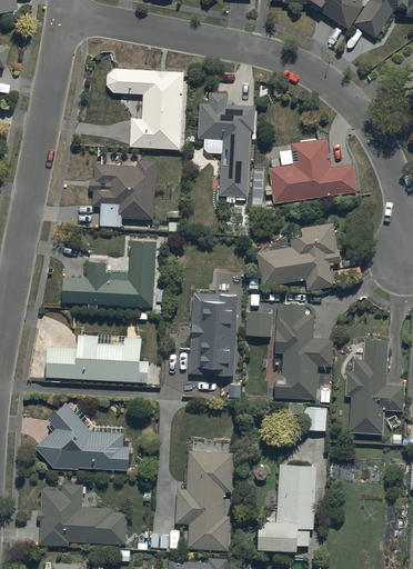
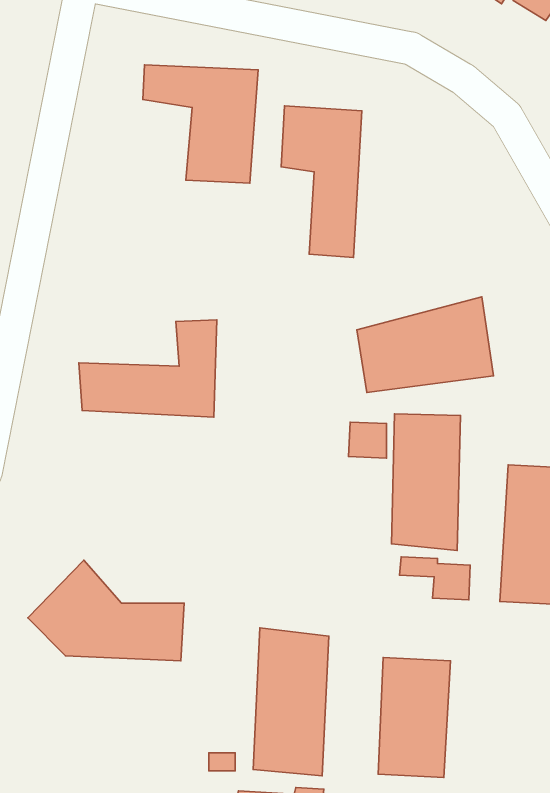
building: [271,141,359,202] -> none
building: [90,158,155,226] -> none
building: [190,293,236,378] -> none
building: [42,335,148,381] -> none
building: [42,485,128,546] -> none

